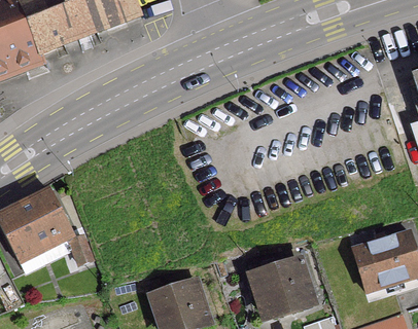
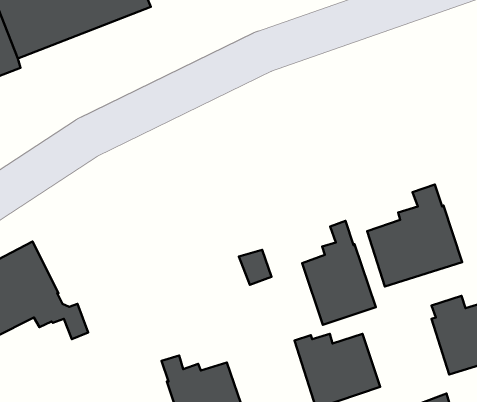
building: none -> [367,185,462,287]
building: none -> [302,221,376,325]

